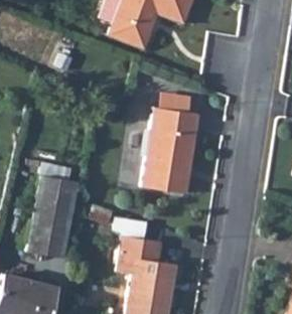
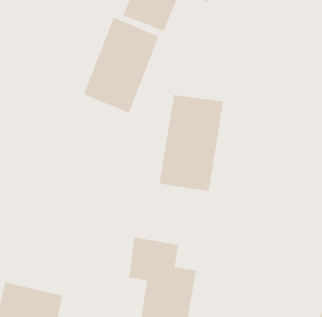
building: none -> [83,17,159,113]
building: [27,174,75,256] -> none

